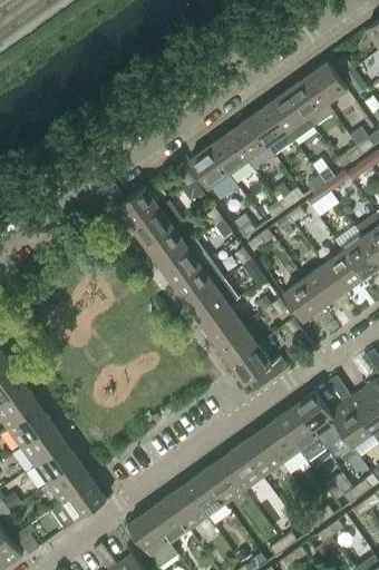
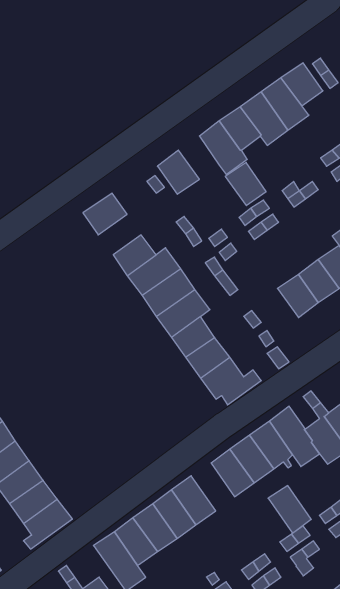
building: [208,134,247,175] -> [225,162,266,206]
building: [132,208,173,247] -> none
building: [283,279,323,322] -> none
building: [221,446,262,492] -> [268,486,311,533]

